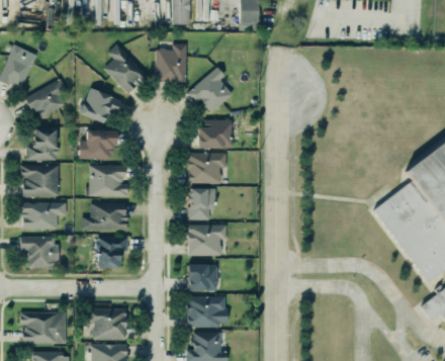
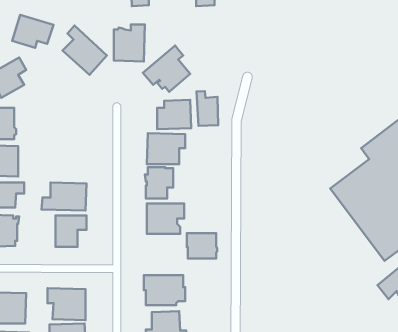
building: [81,90,122,123] -> [12,15,53,48]
building: none -> [197,91,218,126]
building: [78,129,115,159] -> none
building: [88,166,128,198] -> none
building: [188,266,218,291] -> [187,233,217,258]

